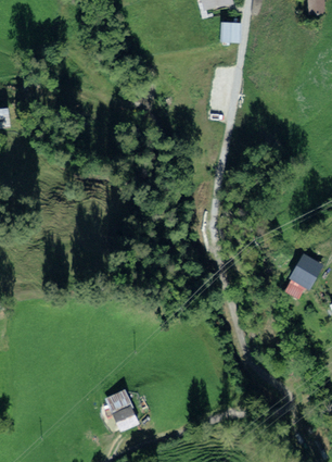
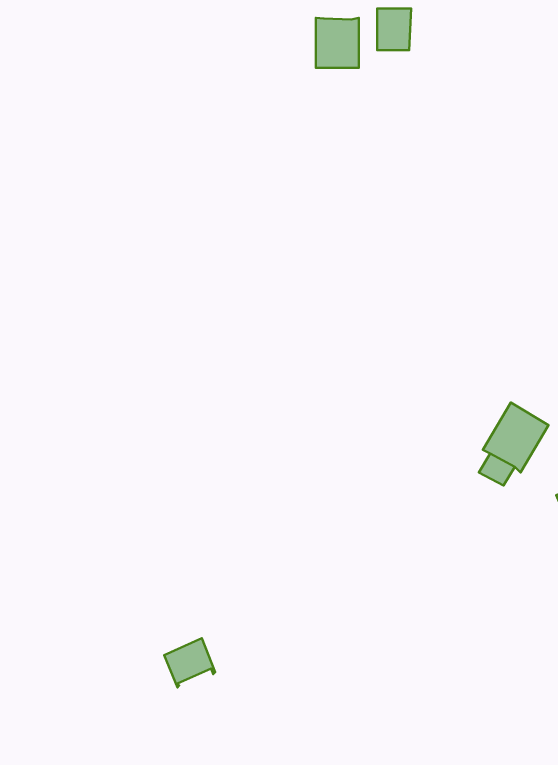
building: none -> [316,18,359,68]
building: [110,404,138,432] -> none

